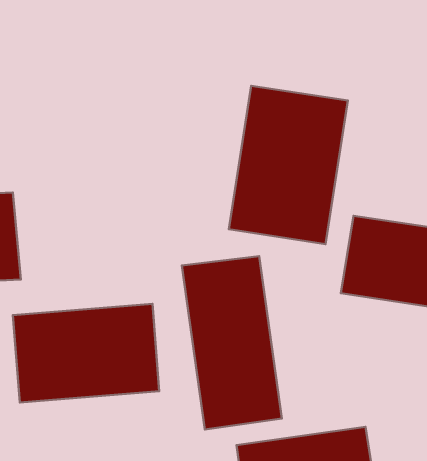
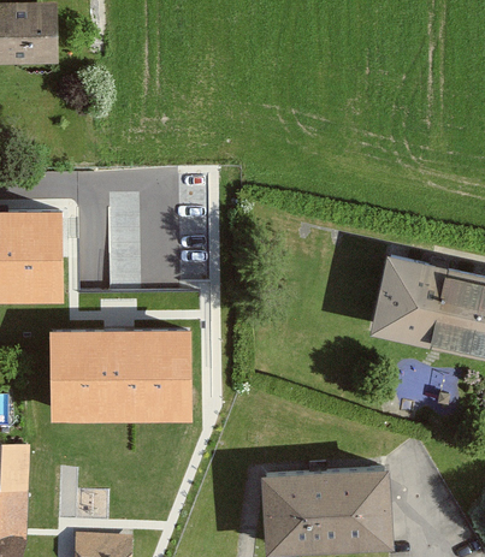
building: [229,86,348,244] -> none
building: [182,256,282,429] -> none

